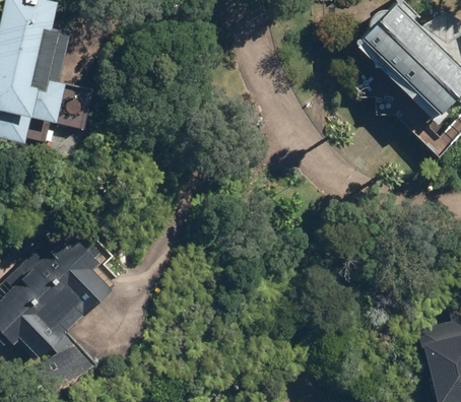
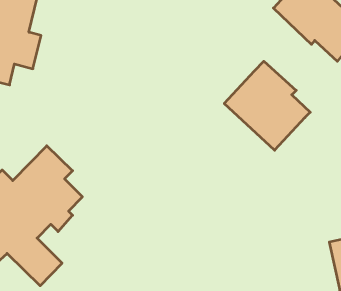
building: none -> [224,61,310,150]

